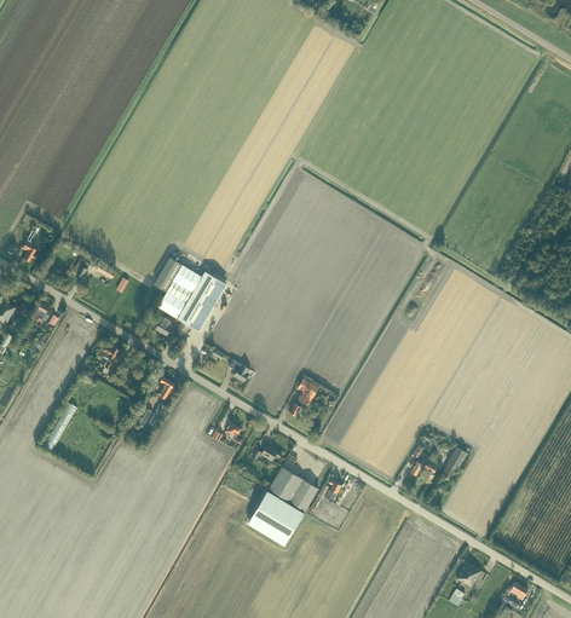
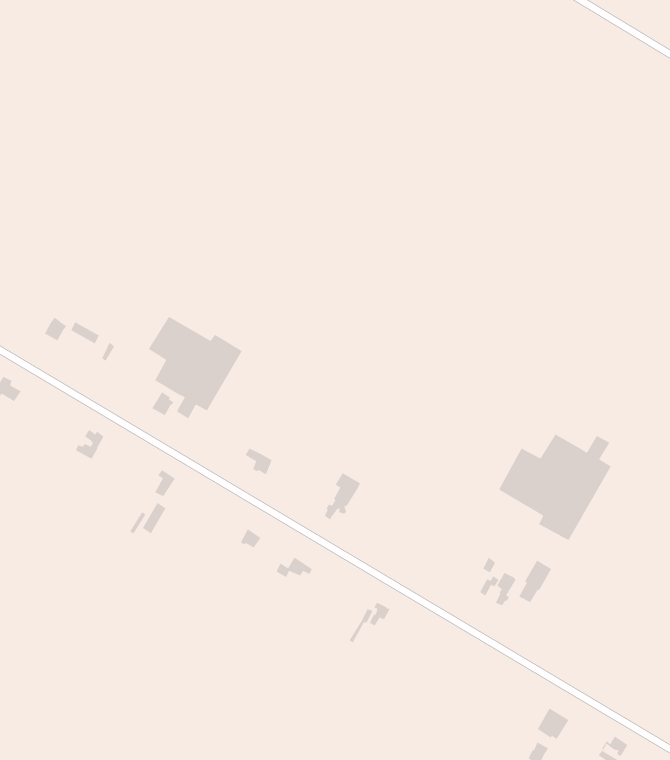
building: none -> [499,434,612,541]
building: [249,467,318,543] -> none

